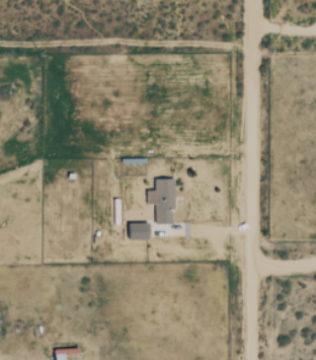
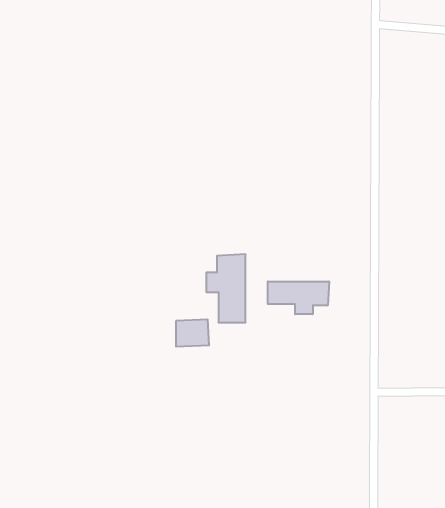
building: none -> [268,281,329,314]

